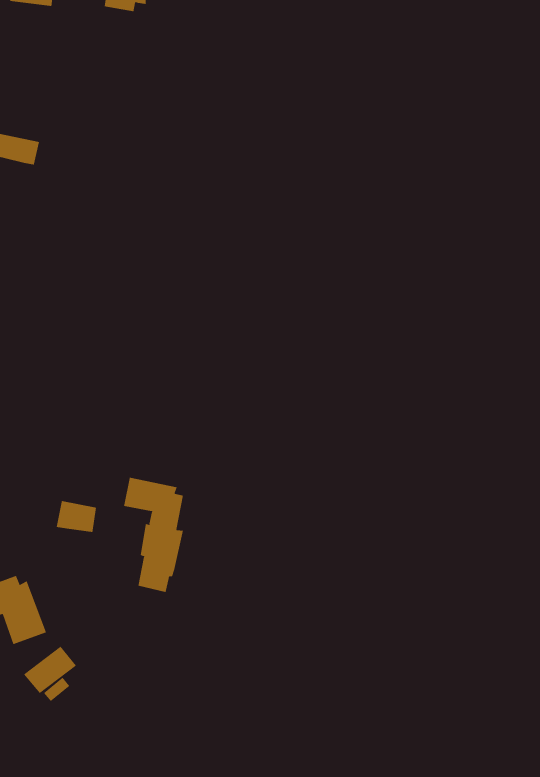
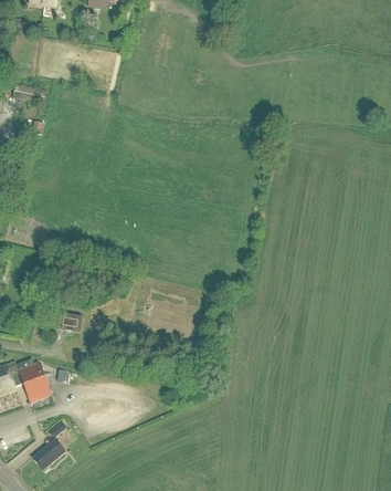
building: [124,477,184,593] -> none
building: [23,646,77,694] -> [32,439,65,469]

